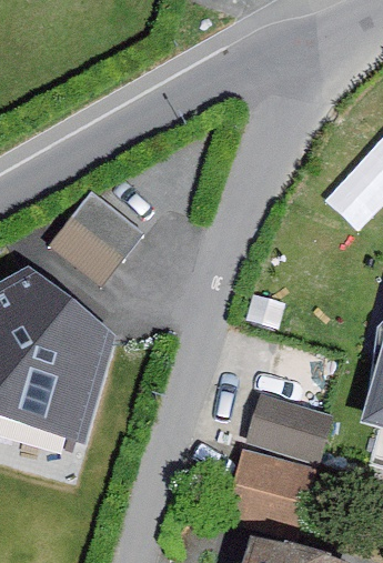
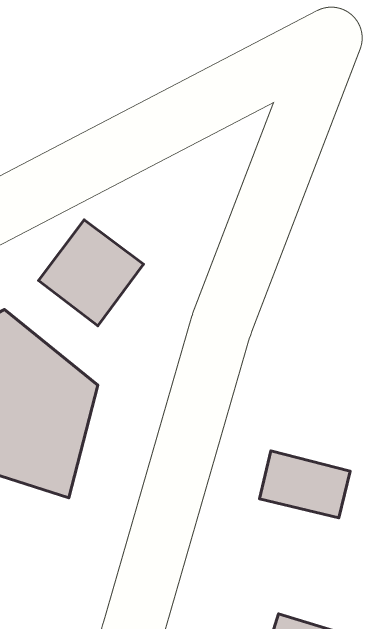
building: [222,450,308,535] -> none

